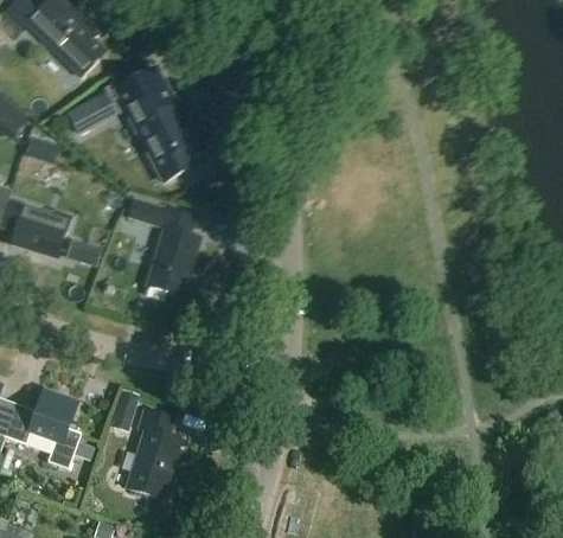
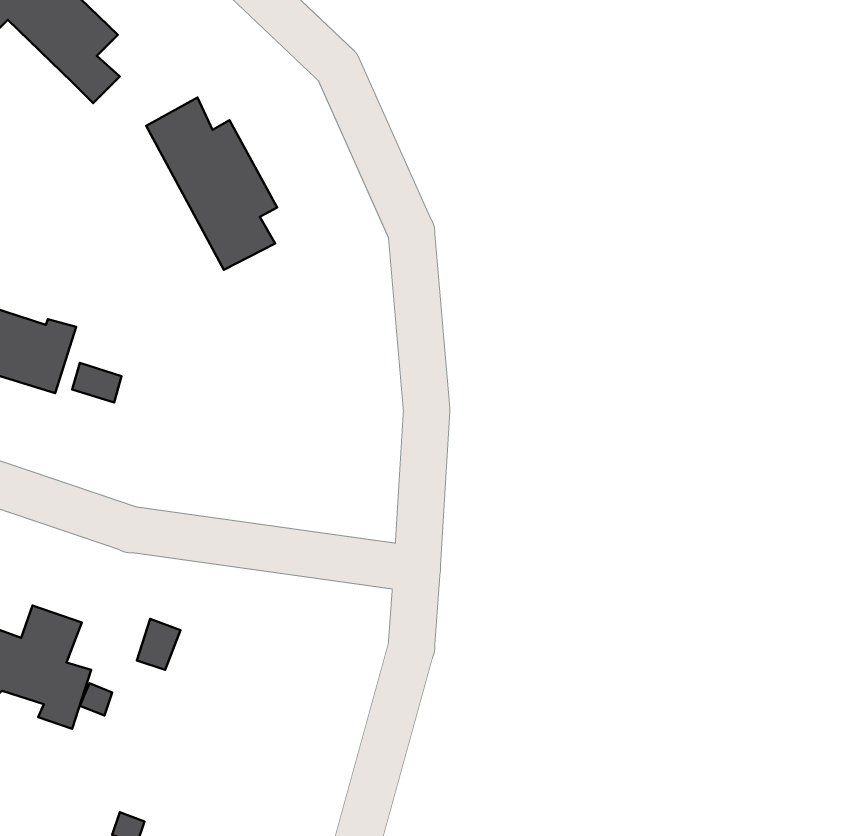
building: [70,91,116,129] -> none
building: [128,197,201,297] -> none
building: [126,408,180,498] -> none

